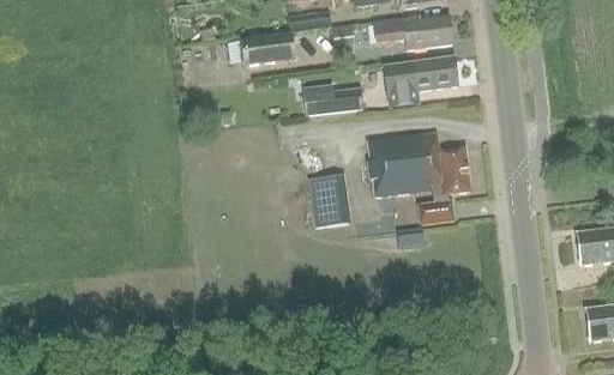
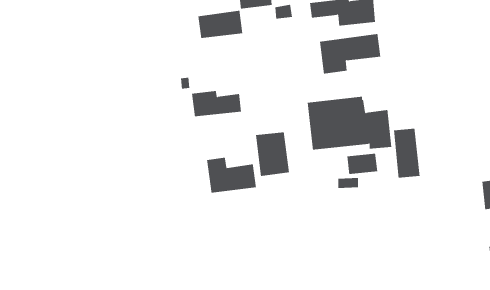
building: [303,83,363,114] -> [191,90,242,117]
building: none -> [394,128,420,179]
building: none -> [207,157,256,193]

